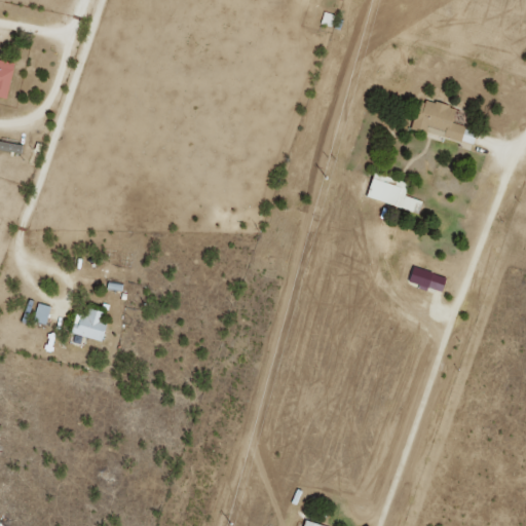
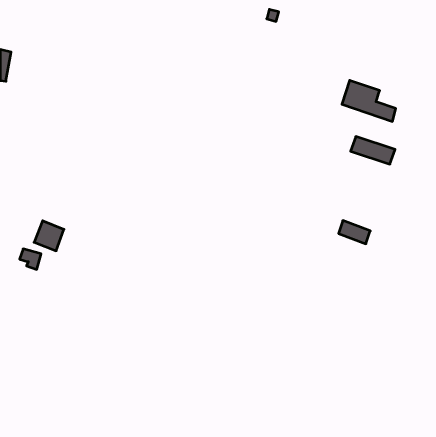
building: [366,179,419,212] -> [351,137,395,164]
building: [74,306,110,342] -> [34,221,64,251]

